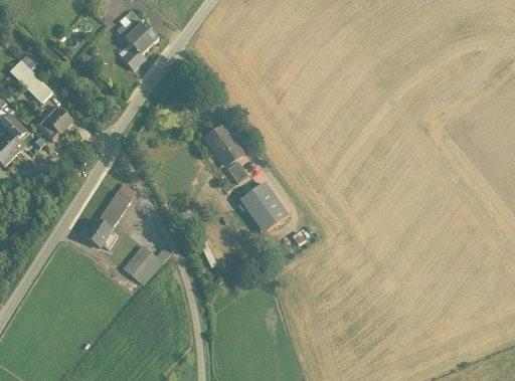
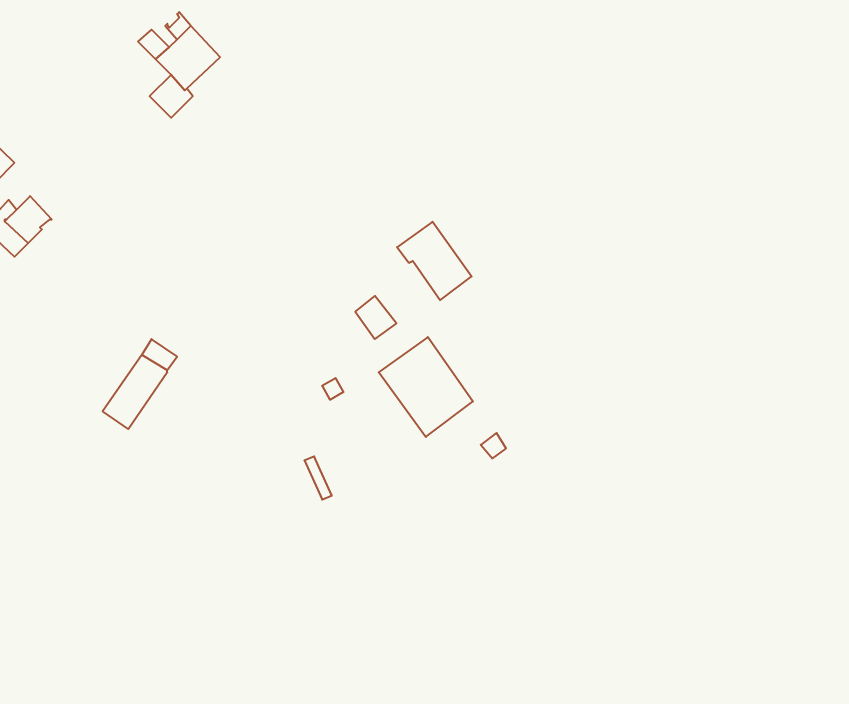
building: [205,125,243,165] -> [397,222,472,300]
building: [84,219,111,247] -> none
building: [123,245,158,281] -> none

